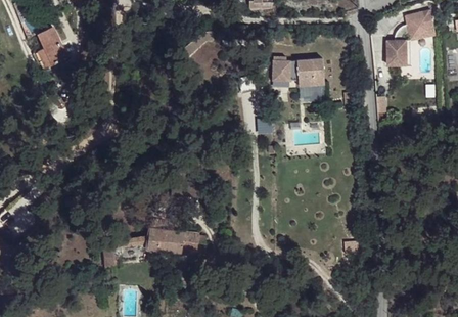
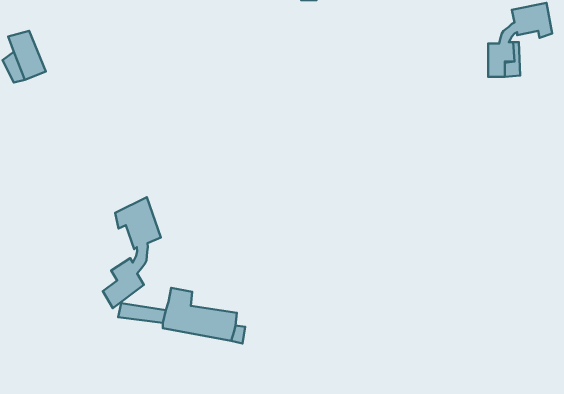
building: [272,57,324,87] -> none
building: none -> [103,197,161,308]

